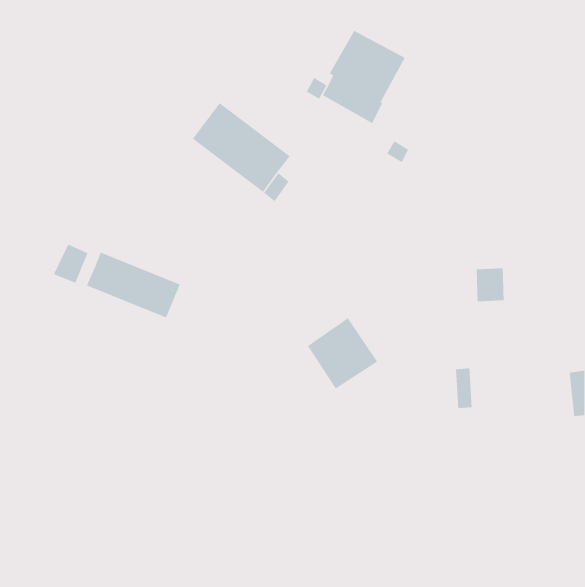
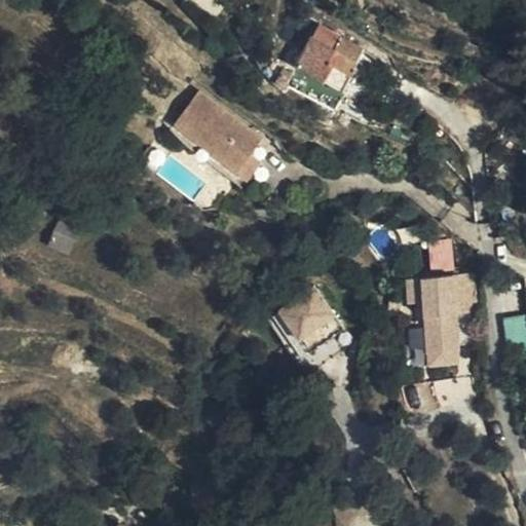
building: [86,252,181,319] -> none
building: none -> [418,273,474,368]

